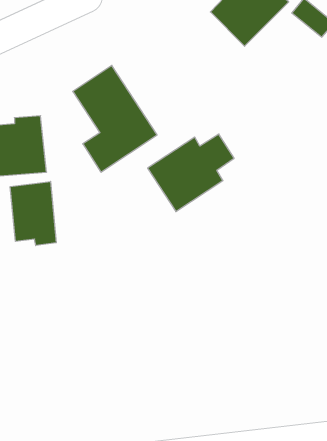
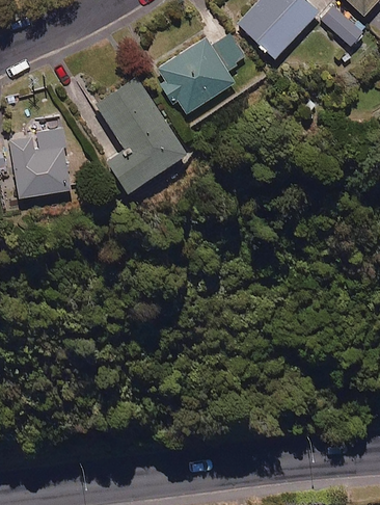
building: [148,134,234,212] -> [156,35,245,115]
building: [10,181,56,246] -> none

